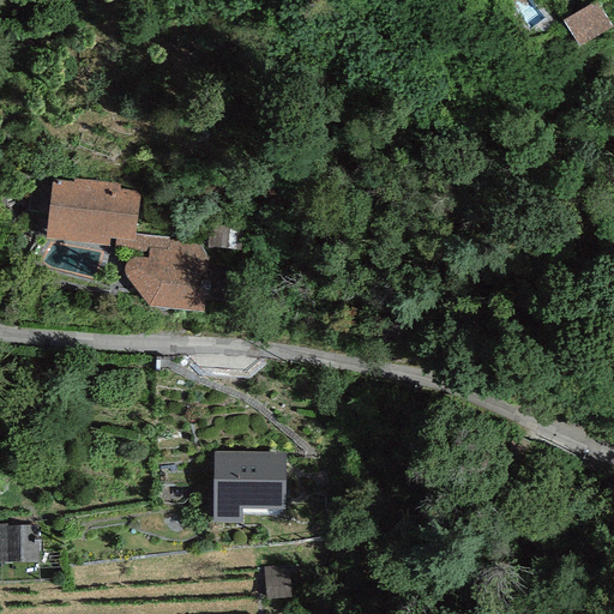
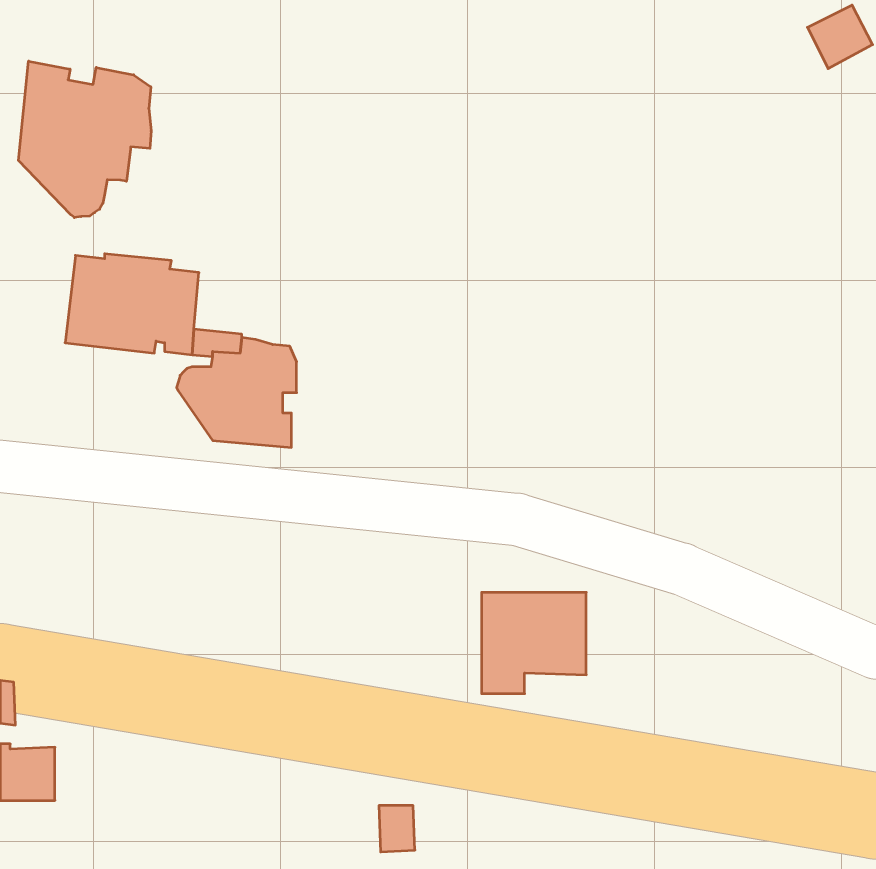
building: none -> [18,61,151,218]
building: [212,452,285,523] -> [482,592,586,694]

